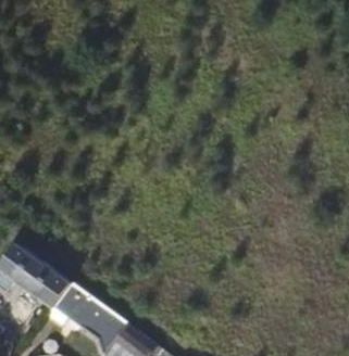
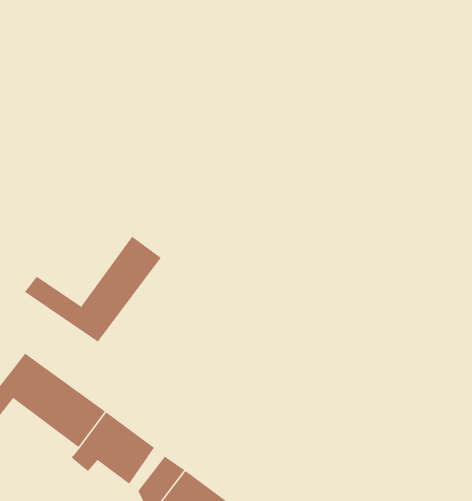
building: none -> [24,236,161,342]

